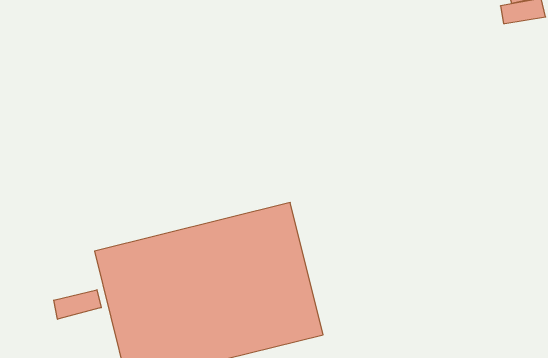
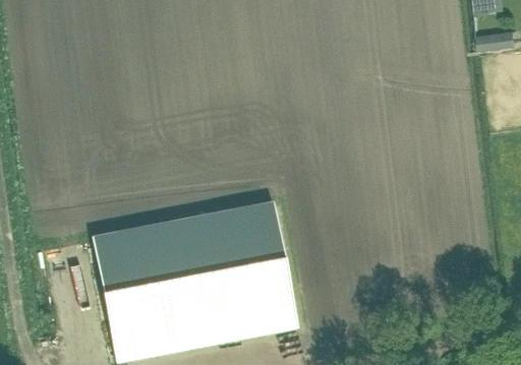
building: [54,290,101,319] -> none

